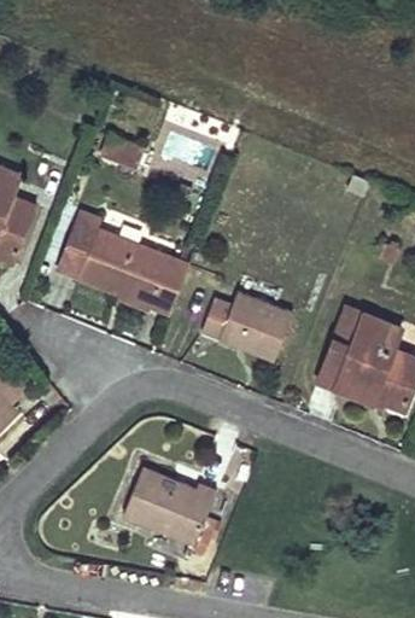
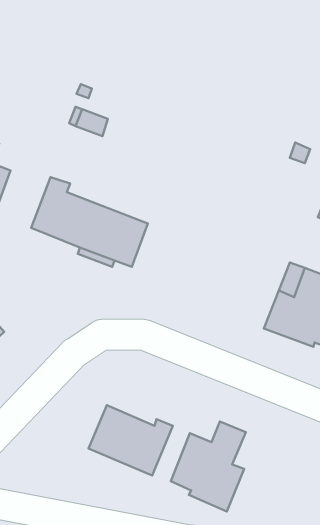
building: [200,286,292,361] -> none
building: none -> [171,421,246,511]

